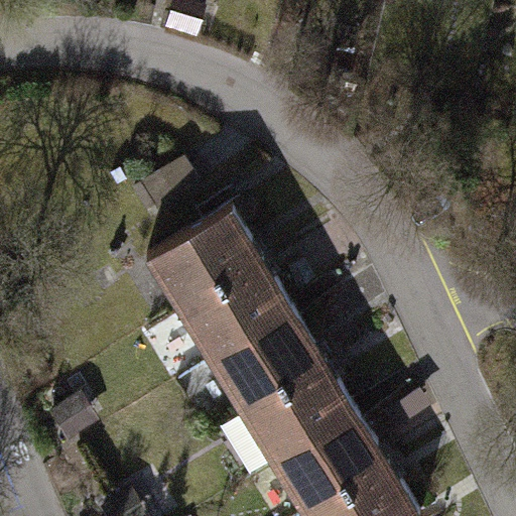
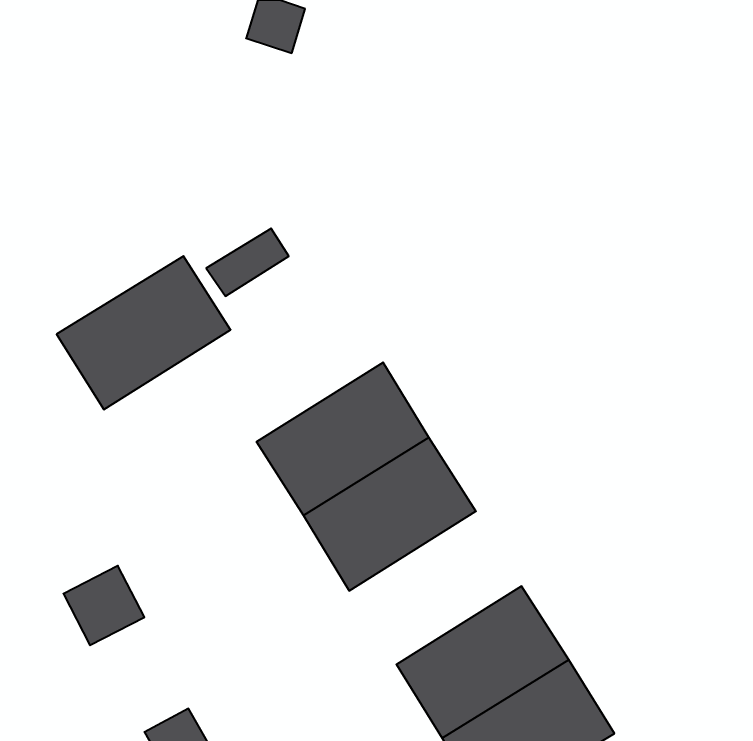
building: [143,206,262,310] -> [57,256,231,409]
building: [239,358,357,463] -> none

